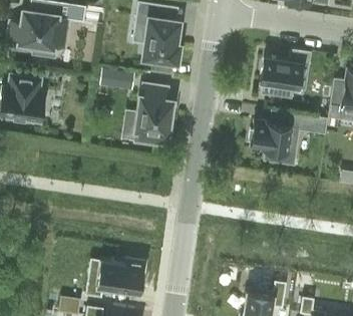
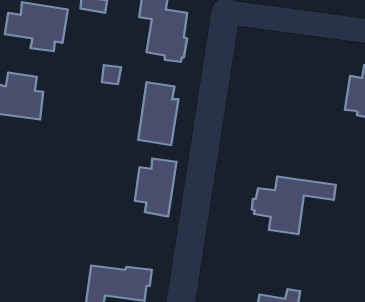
building: [261,47,311,97] -> none
building: [250,108,329,163] -> [252,176,336,234]
building: none -> [135,159,176,216]

